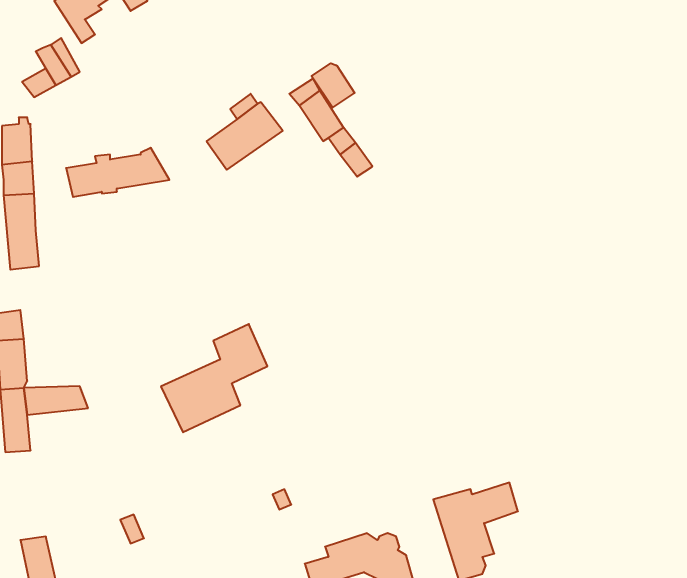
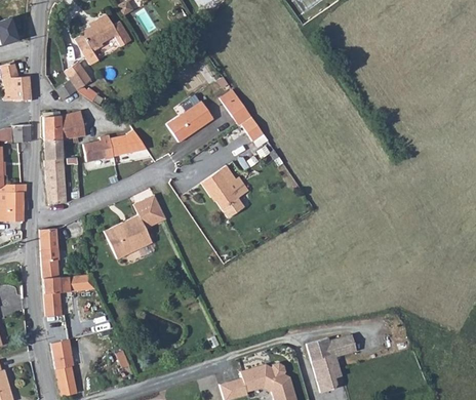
building: [312,63,355,108] -> none
building: none -> [62,110,86,137]
building: none -> [201,164,245,217]
building: [161,324,267,432] -> [104,195,168,261]
building: none -> [52,342,73,367]

